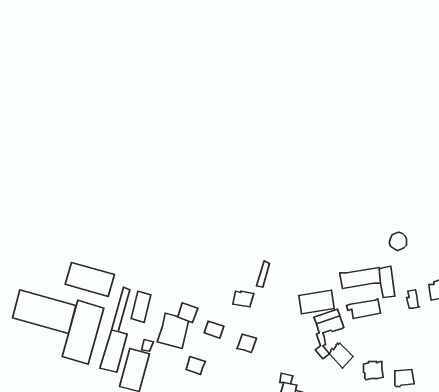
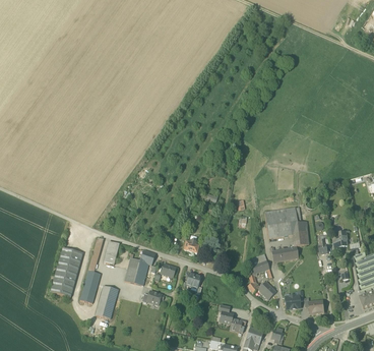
building: [65,263,114,296] -> none
building: [13,290,76,334] -> none
building: [299,290,334,314] -> [269,208,297,226]

